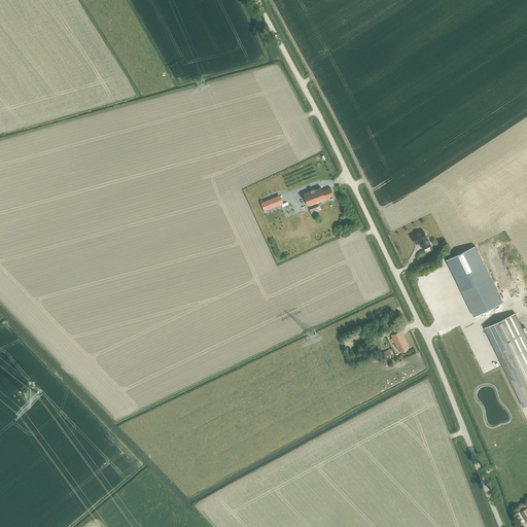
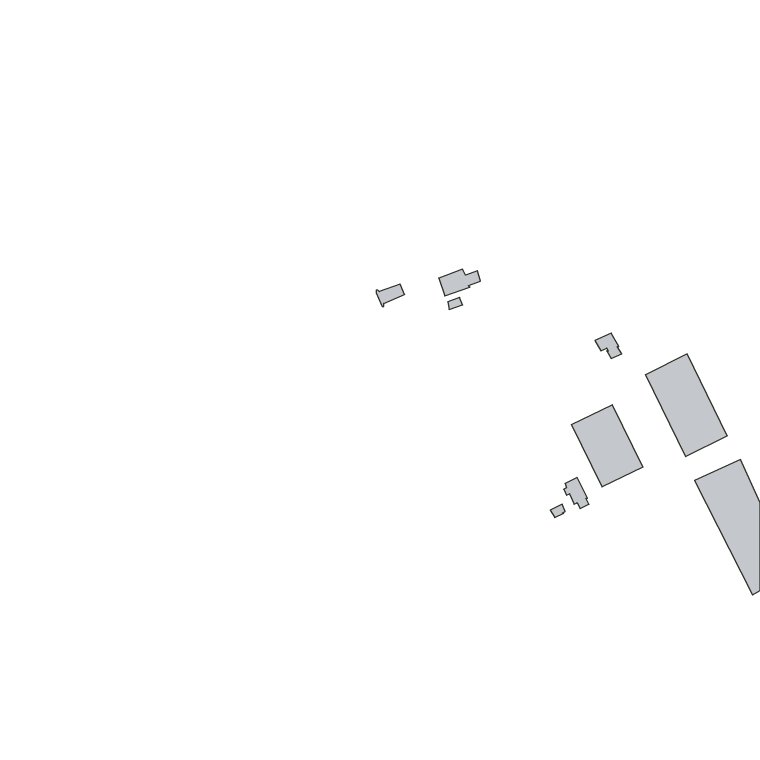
building: none -> [571,405,643,487]

